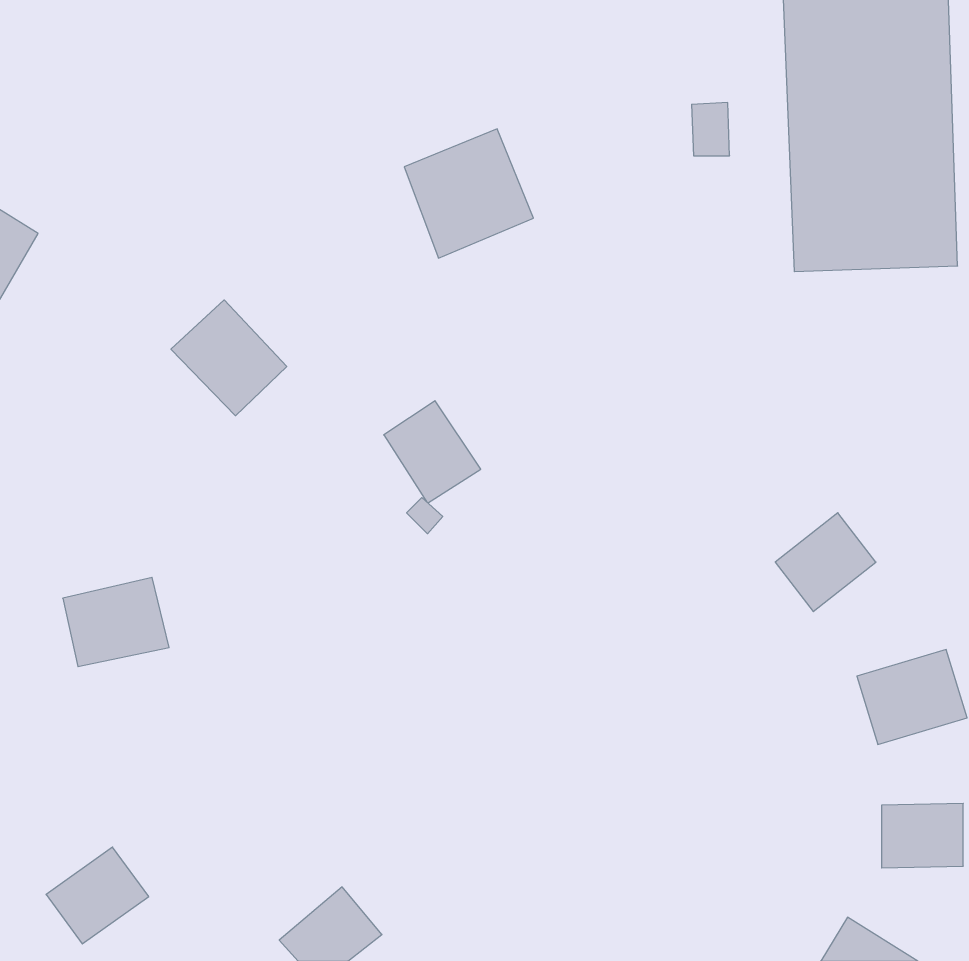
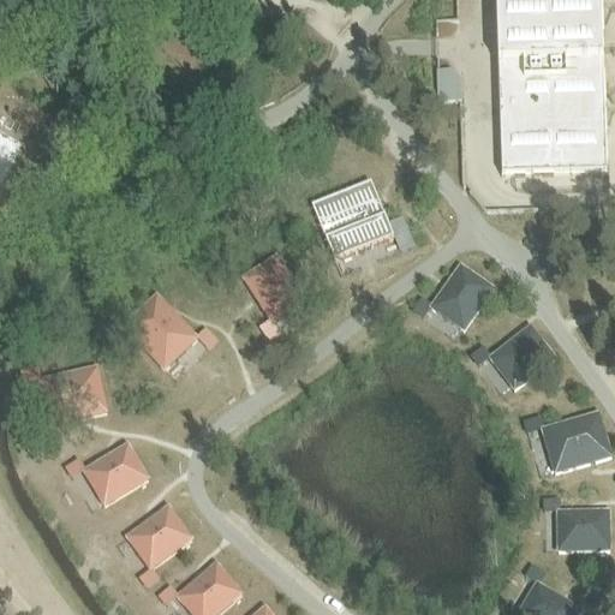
building: [404,129,533,258] -> [311,178,393,259]
building: [171,300,287,416] -> [123,293,196,366]
building: none -> [431,262,492,327]
building: none -> [83,442,148,502]
building: [46,847,149,944] -> [126,504,191,566]

